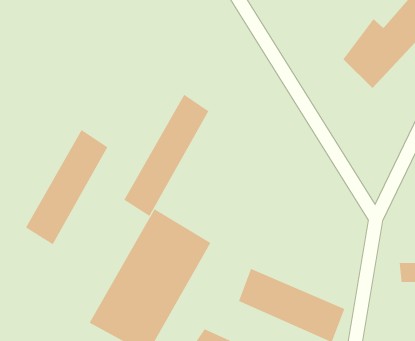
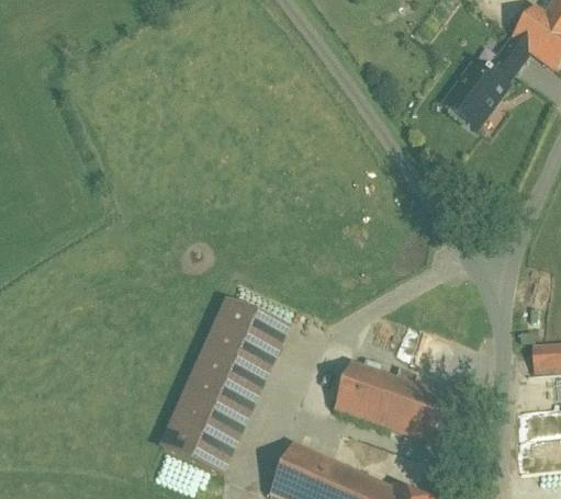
building: [123,94,209,217] -> none
building: [25,129,108,245] -> none

